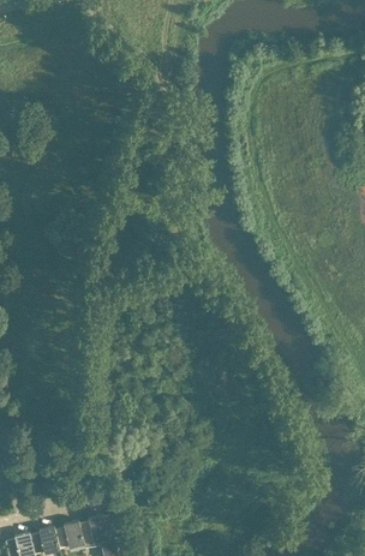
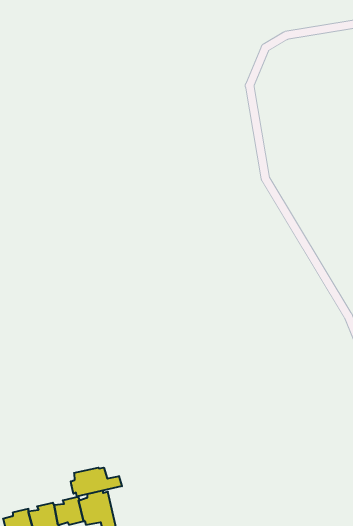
building: none -> [71,468,122,496]

